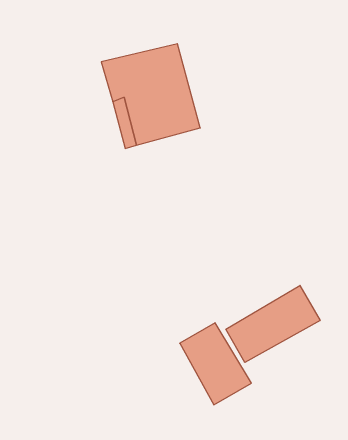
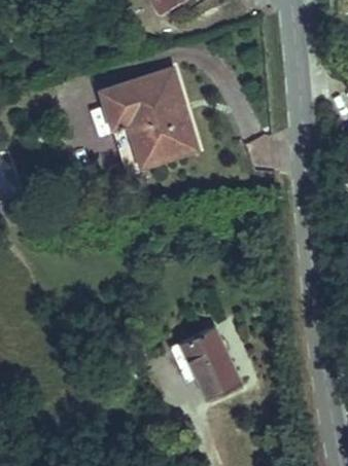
building: [226,285,320,362] -> none

